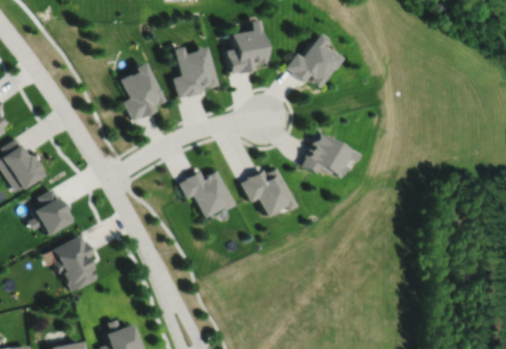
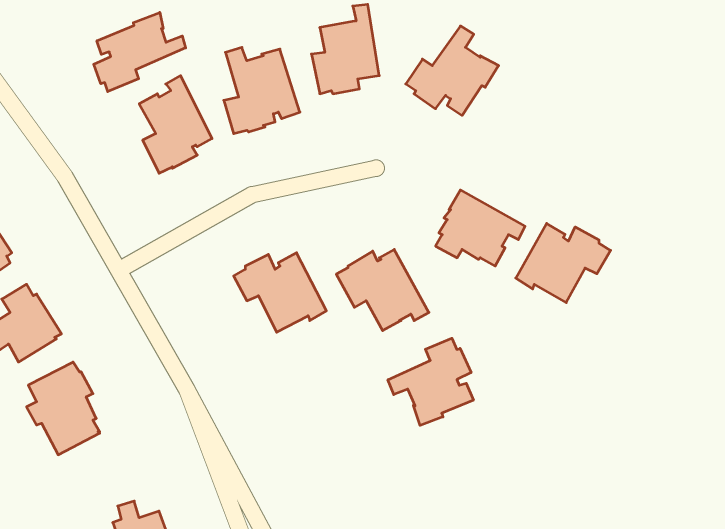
building: none -> [94,12,186,92]
building: none -> [516,223,611,303]
building: none -> [388,338,473,425]

